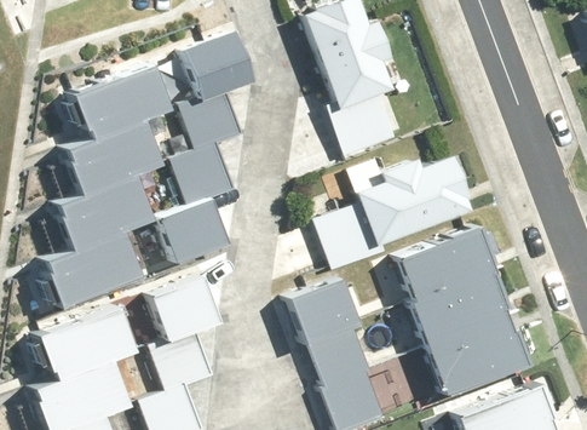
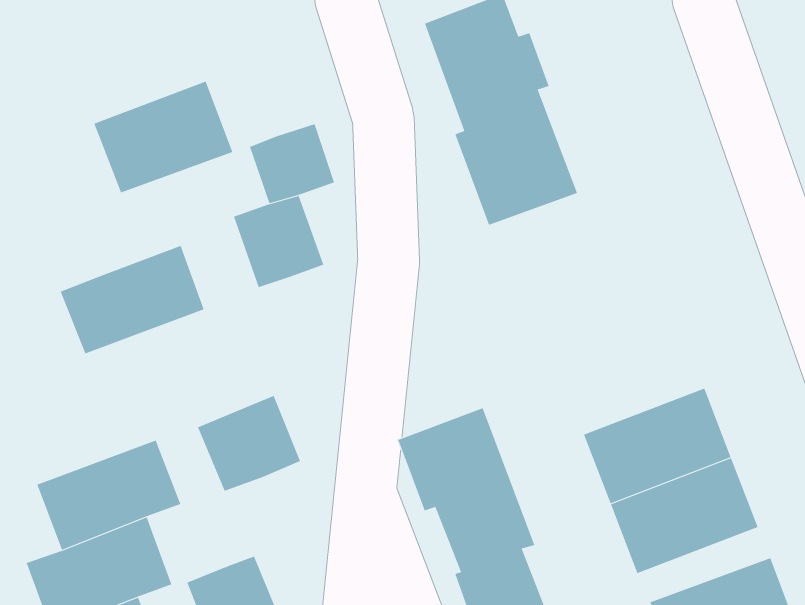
building: [184,33,251,98] -> none
building: [65,119,162,193] -> none
building: [317,165,467,271] -> none
building: [159,194,228,262] -> none
building: [391,222,491,300] -> none
building: [41,225,144,304] -> none
building: [149,329,209,390] -> none

